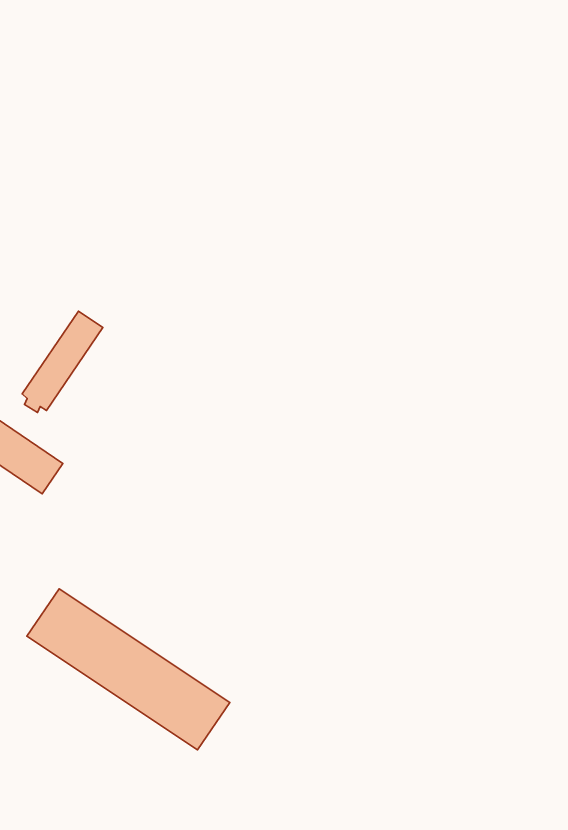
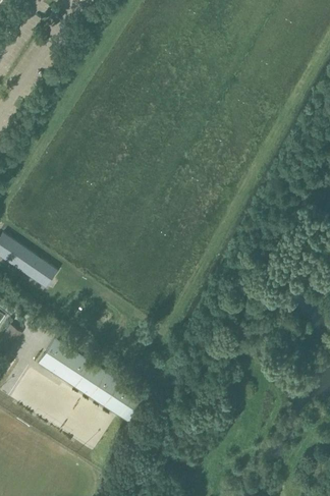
building: [22,311,103,412] -> none

